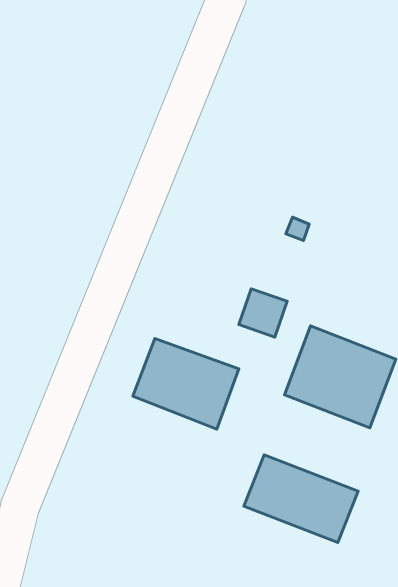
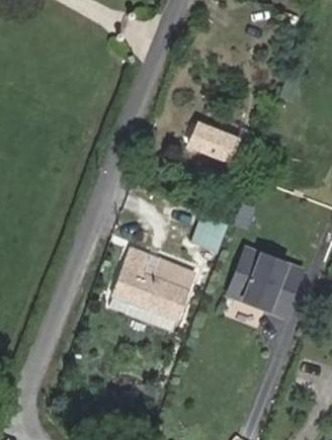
building: none -> [190,125,234,159]
building: [244,455,358,543] -> none

